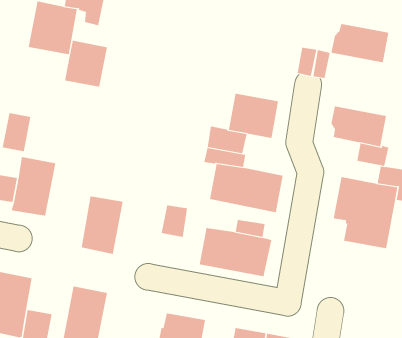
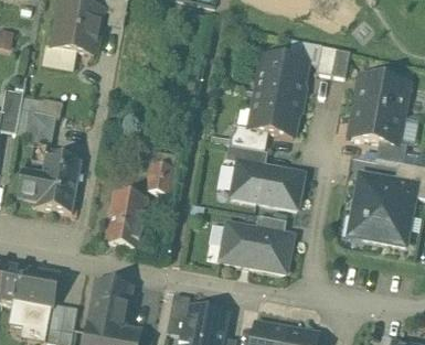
building: [331,23,389,63] -> [353,75,411,114]
building: [64,40,107,88] -> none
building: none -> [256,54,307,99]
building: [161,205,188,238] -> [146,162,172,194]

